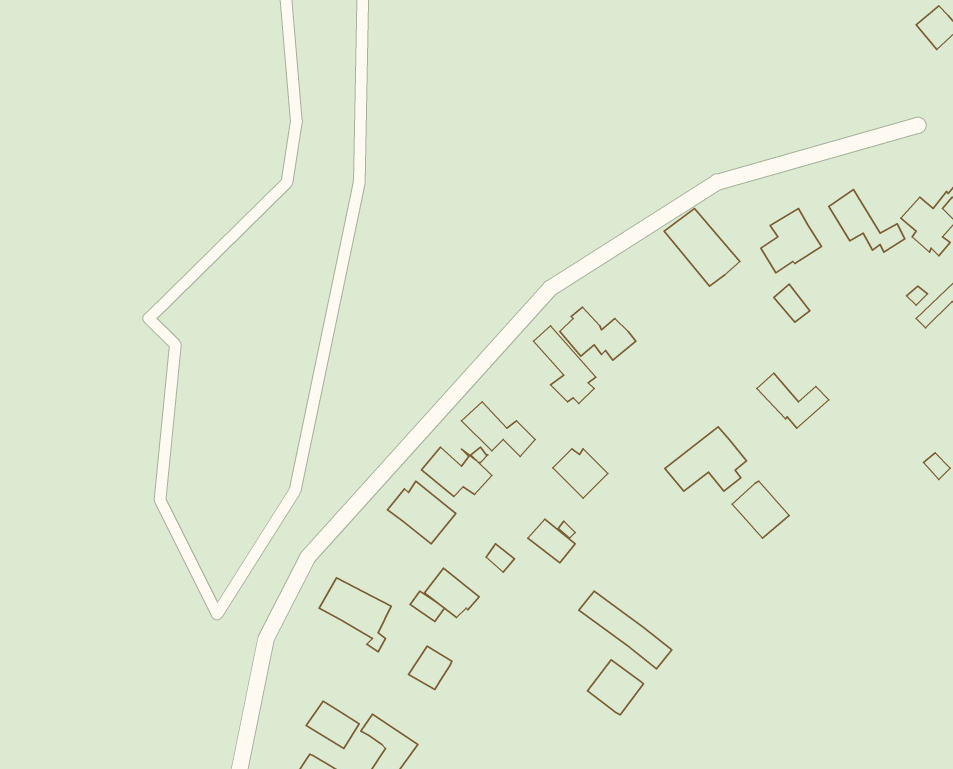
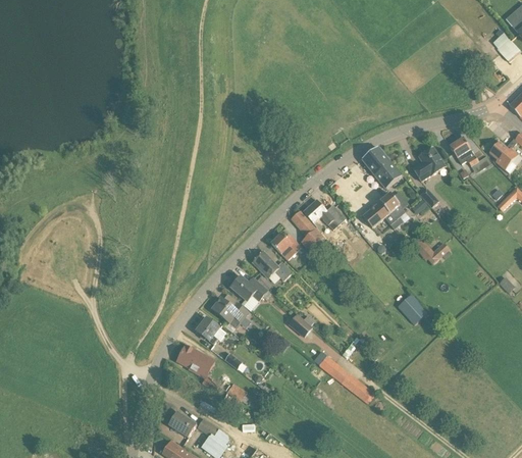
building: [665,427,746,491] -> [362,193,406,227]
building: [553,449,608,498] -> [271,233,301,259]
building: [424,568,479,618] -> [196,316,225,343]
building: [588,660,644,715] -> none

